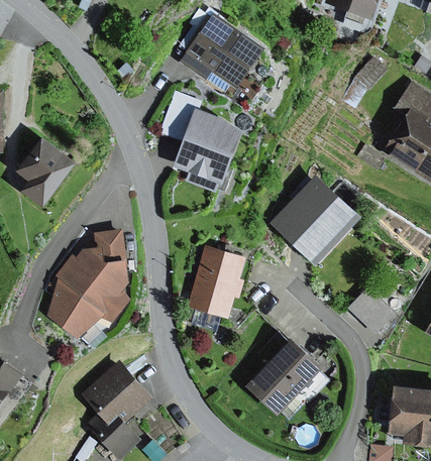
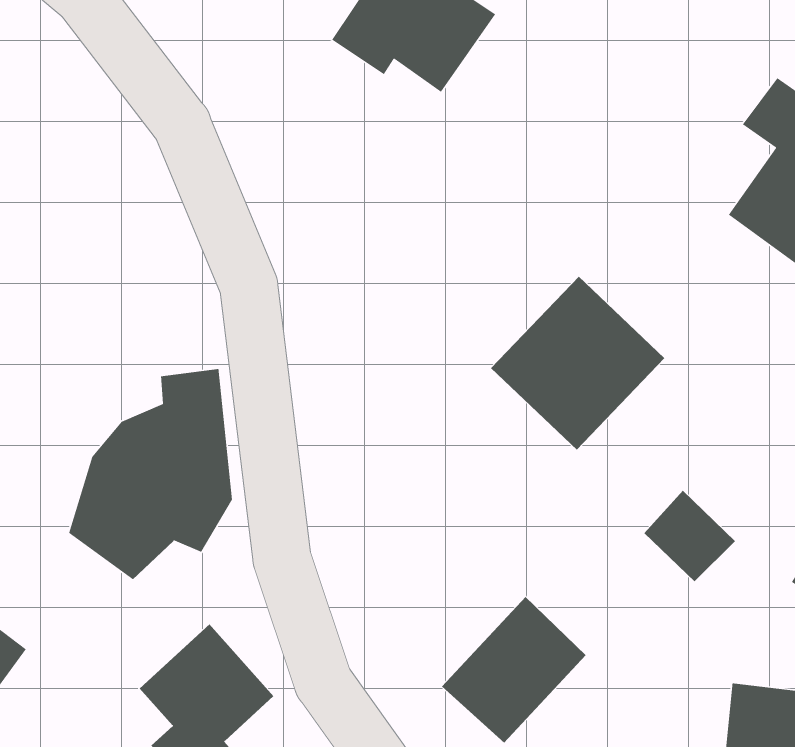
building: [156,91,237,187] -> none
building: [22,132,83,204] -> none
building: [184,247,242,321] -> none

